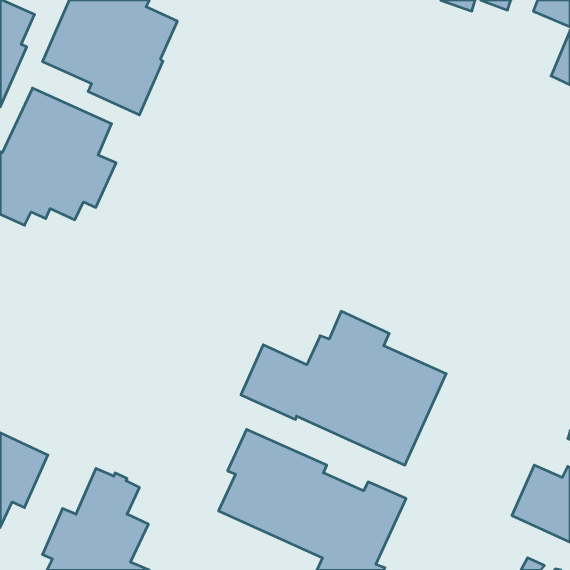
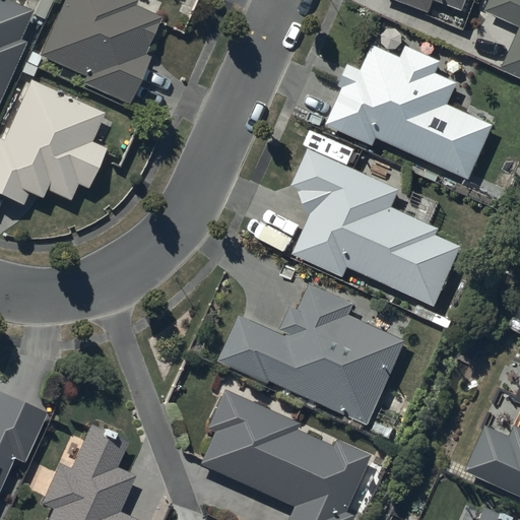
building: none -> [325,46,495,180]
building: none -> [291,147,462,306]

